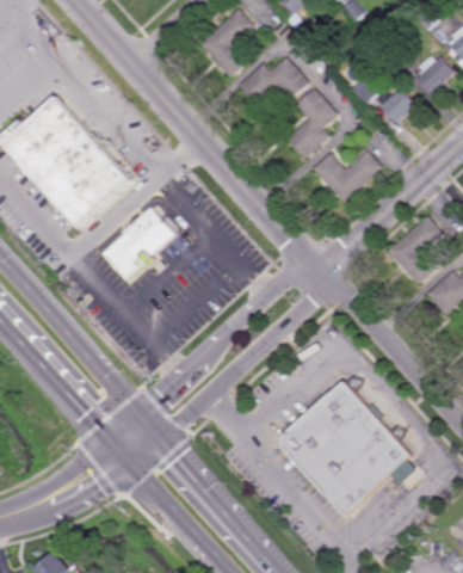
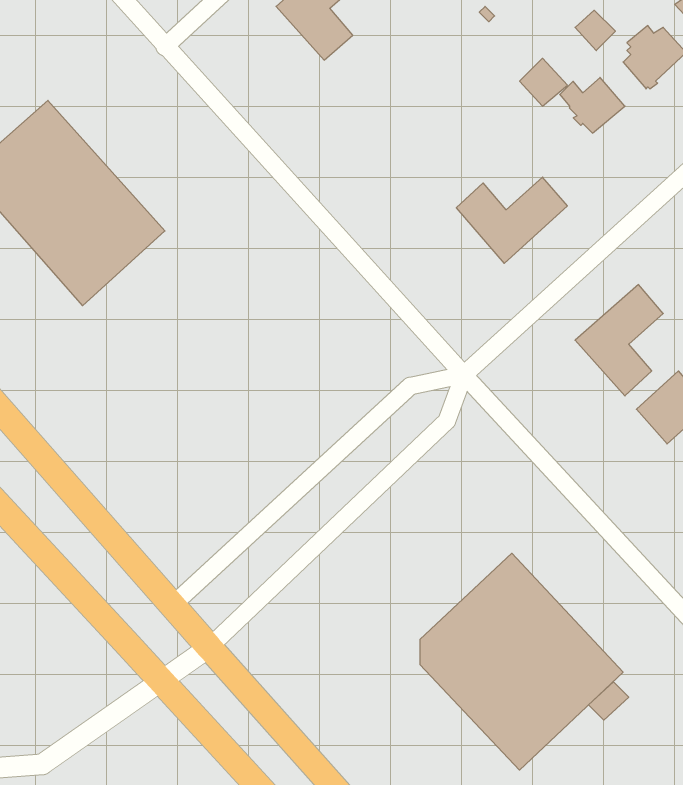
building: [239,55,310,104] -> none
building: [285,87,337,158] -> none
building: [97,208,175,285] -> none

